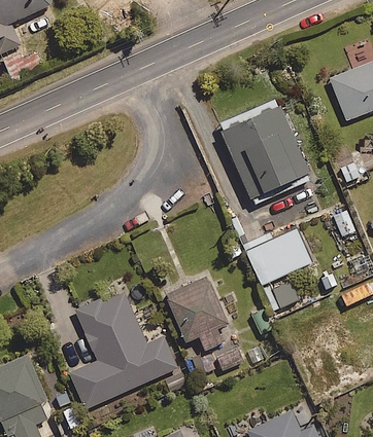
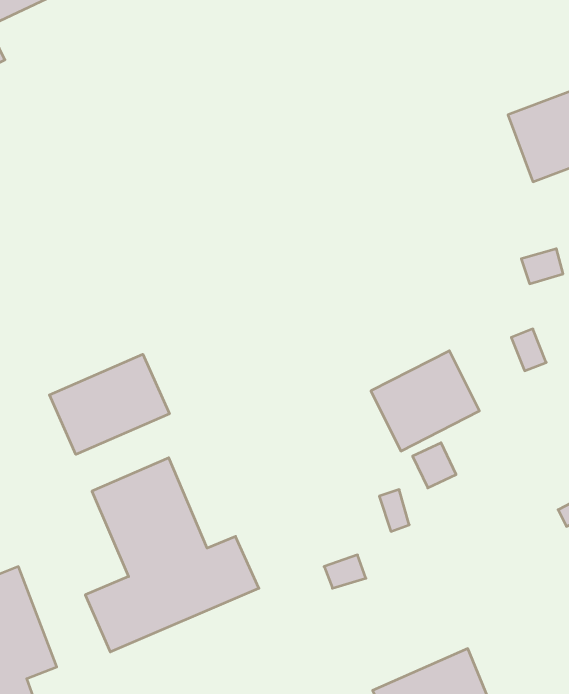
building: [222,106,308,198] -> none
building: none -> [49,354,169,454]
building: [165,277,228,351] -> none

